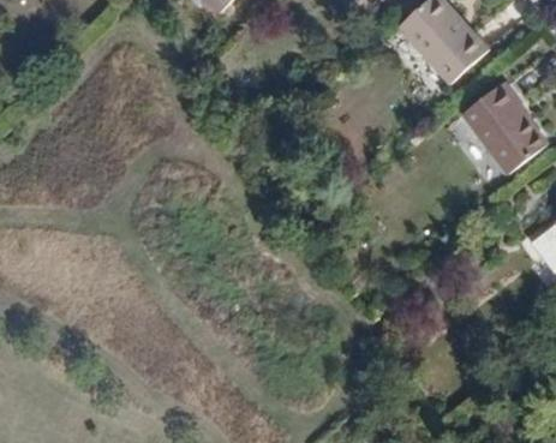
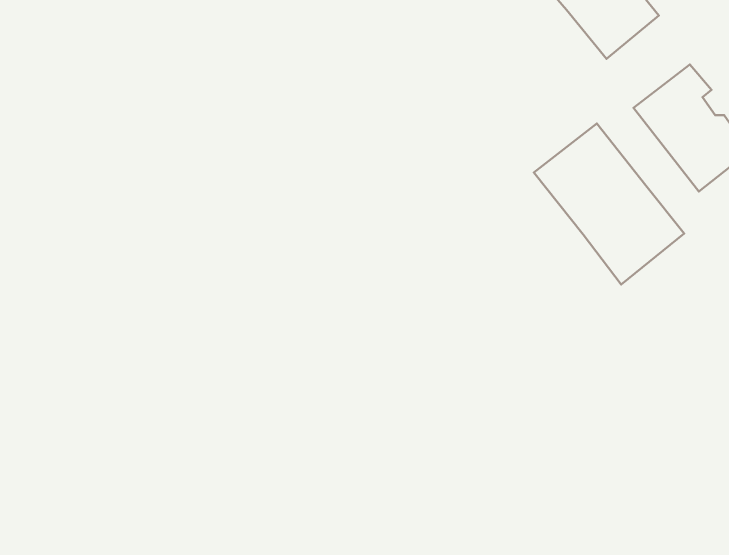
building: none -> [534,123,684,285]

